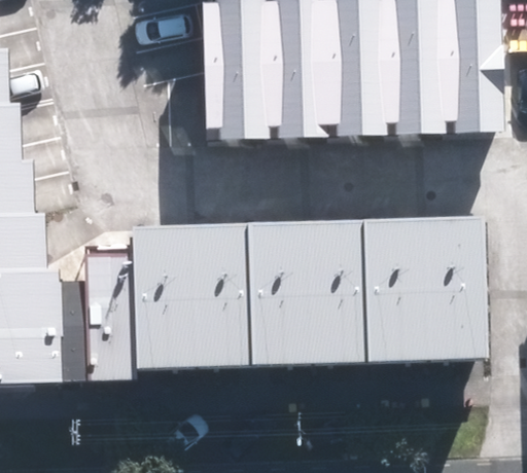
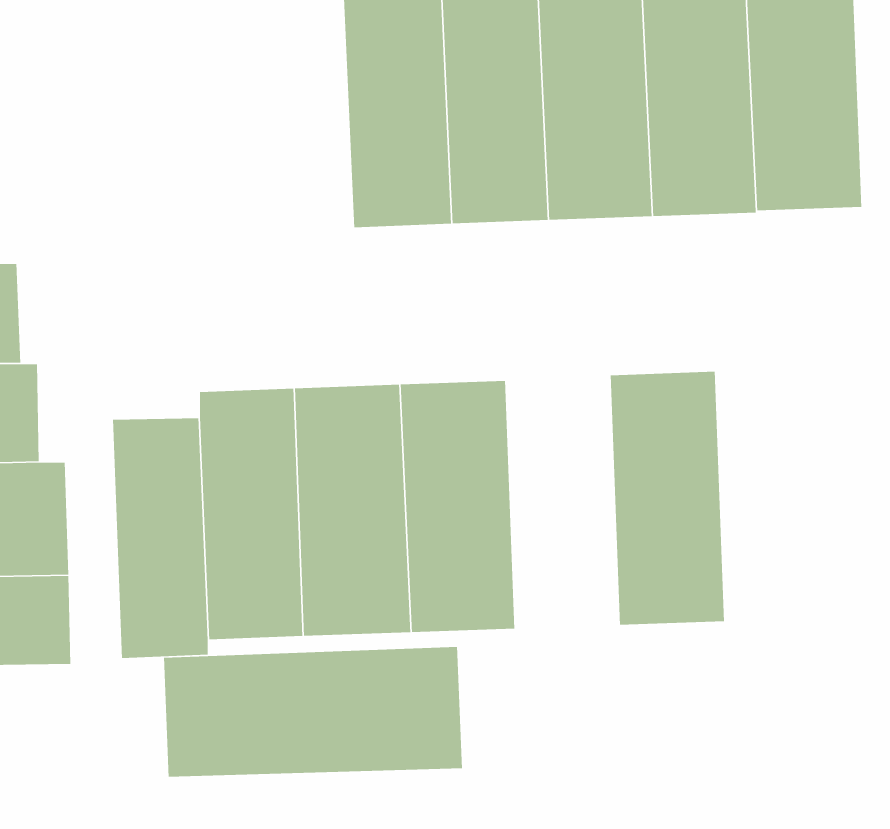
building: [419,217,487,358] -> none
building: [303,221,365,362] -> none
building: none -> [163,646,463,778]

